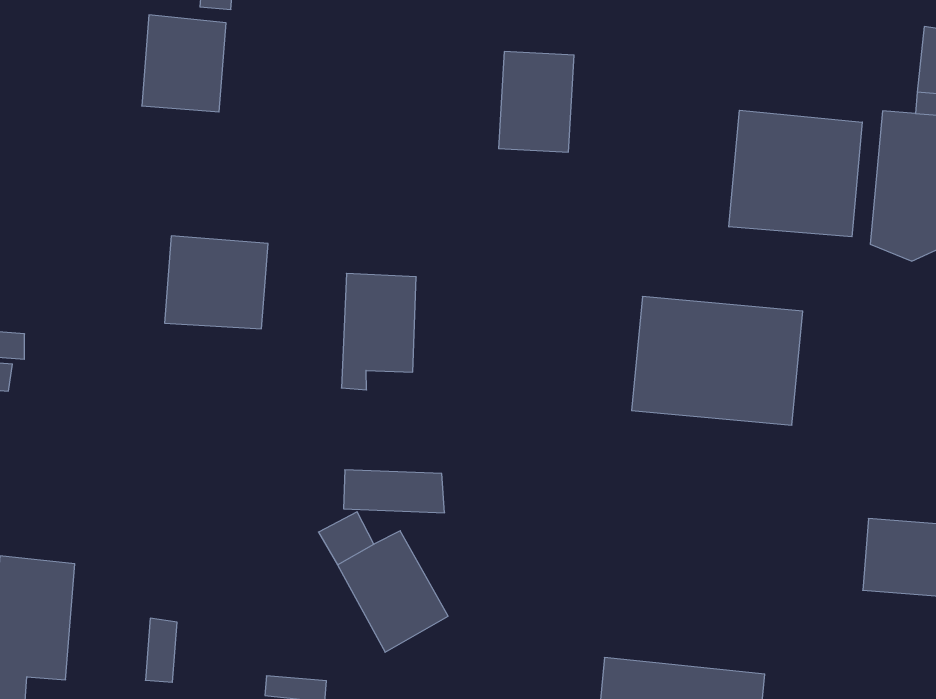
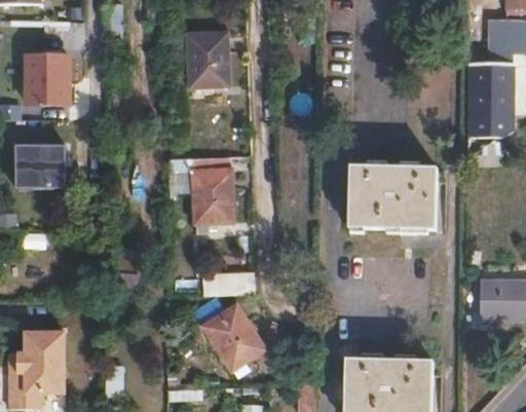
building: [142,15,226,112] -> [28,51,69,100]
building: [499,52,574,152] -> [191,33,229,85]
building: [729,110,862,237] -> none
building: [165,236,268,329] -> [18,138,70,184]

